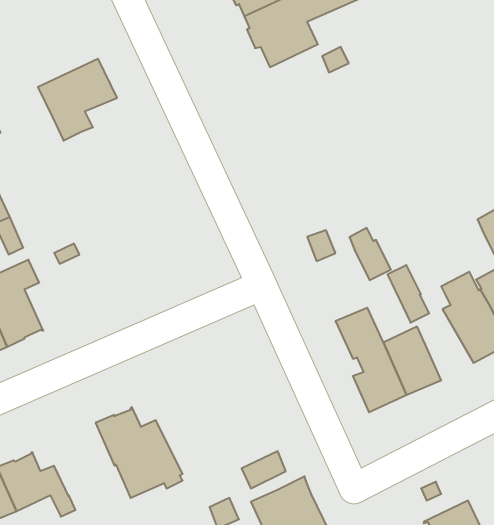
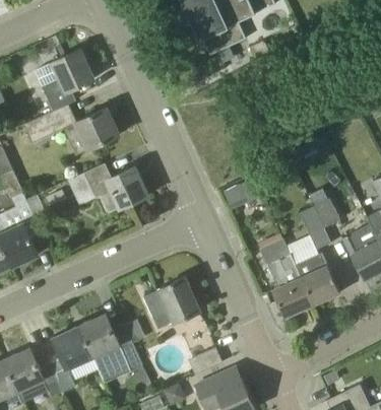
building: none -> [24,105,119,154]
building: none -> [68,163,147,214]
building: [349,228,391,280] -> [309,189,340,228]
building: none -> [143,278,199,329]
building: none -> [46,326,91,393]

